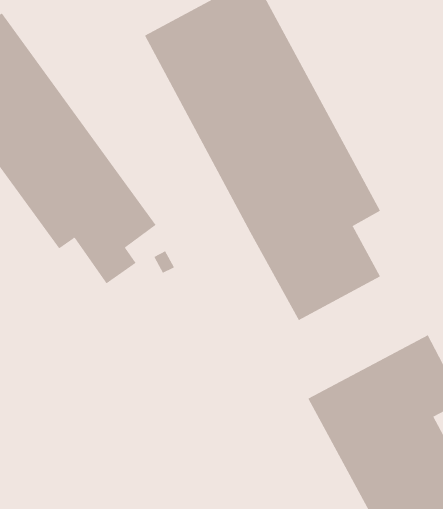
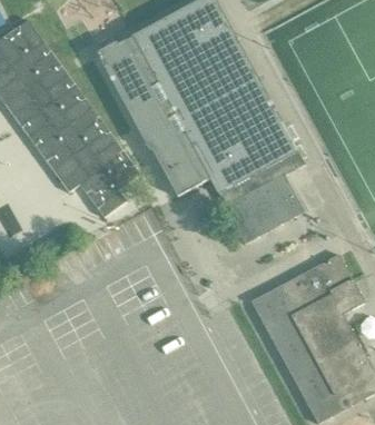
building: none -> [98,36,207,196]

